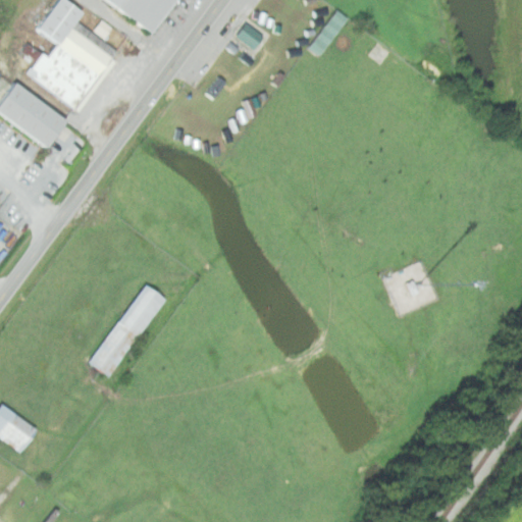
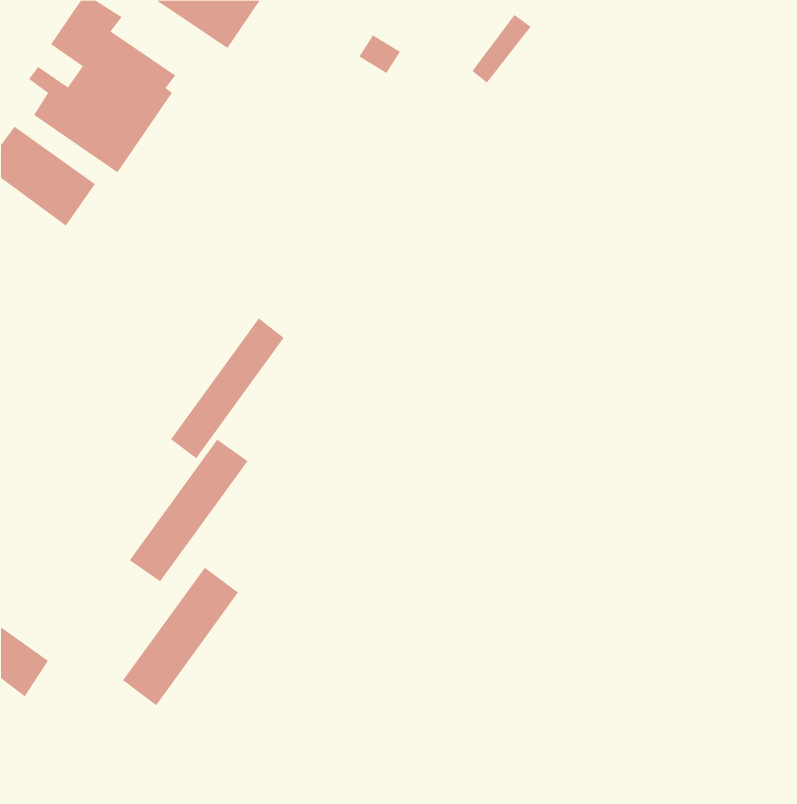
building: none -> [170,318,285,459]
building: none -> [122,567,239,706]

